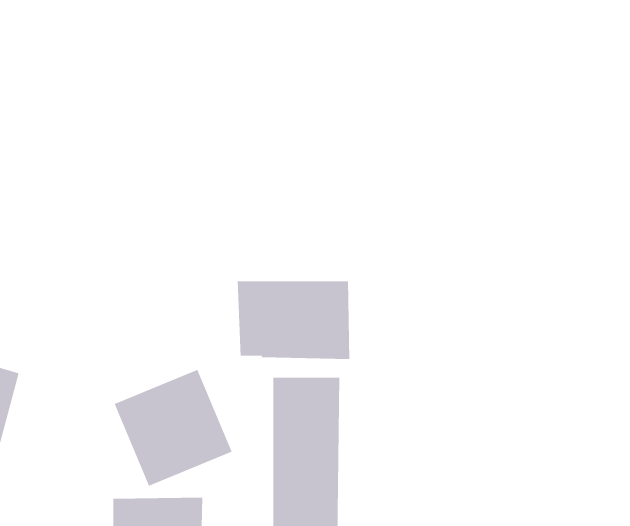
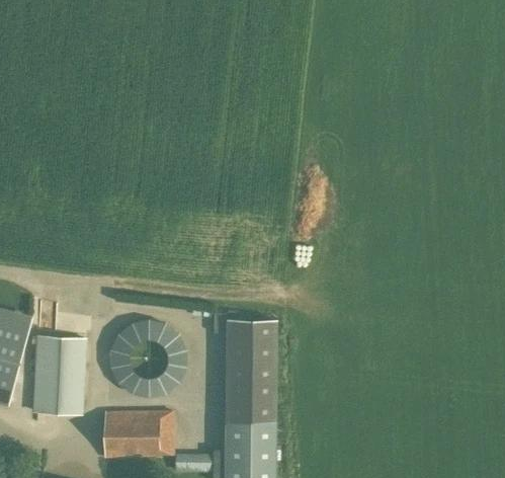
building: [237,281,350,360] -> none
building: none -> [32,337,85,415]

